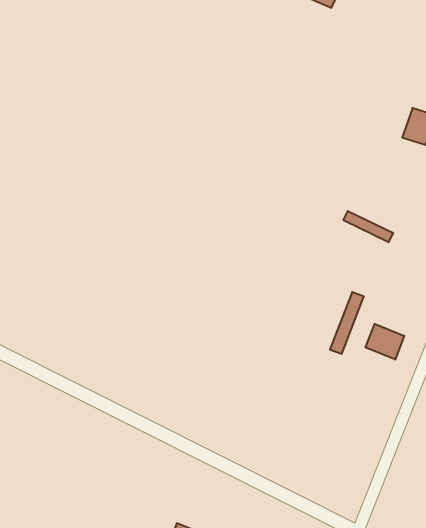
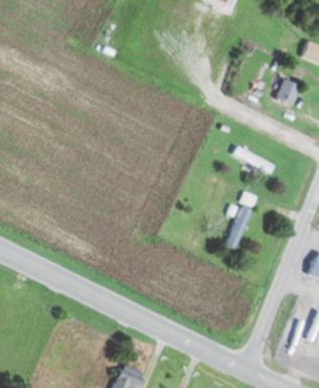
building: [366,324,404,360] -> none

